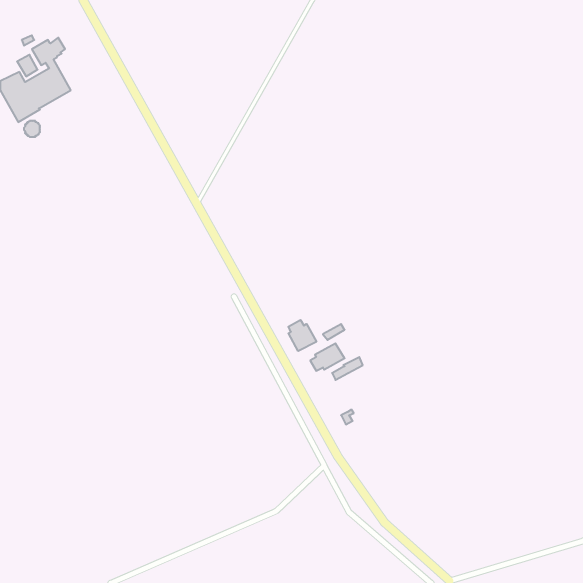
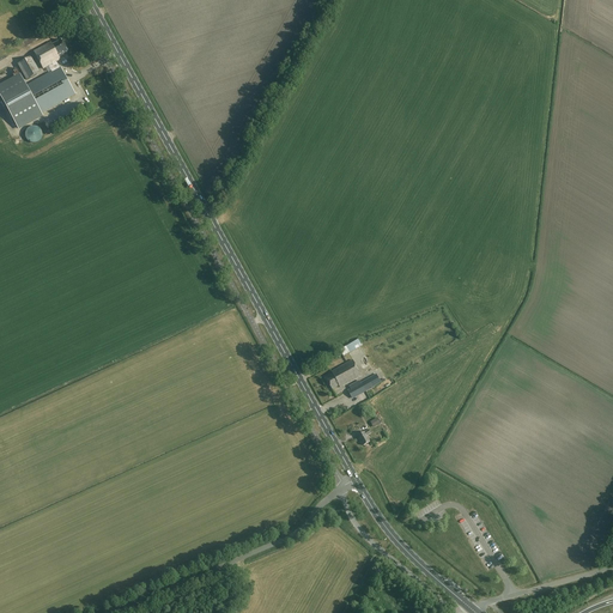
building: [288,320,316,351] -> none

